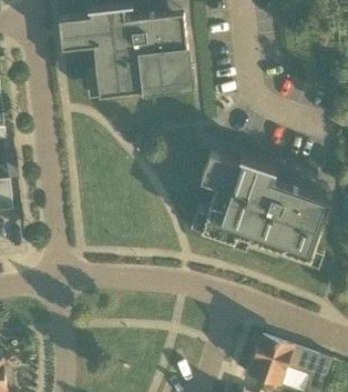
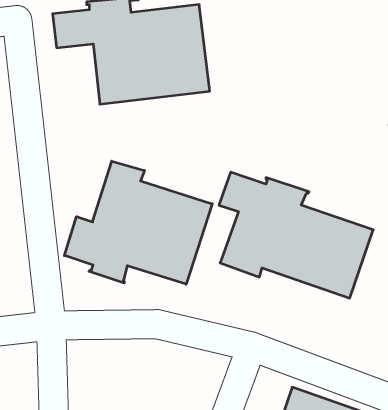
building: none -> [64,161,212,284]

